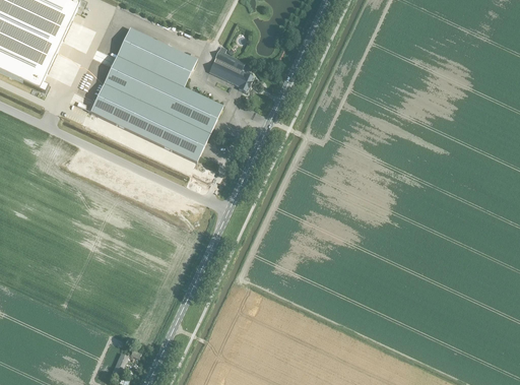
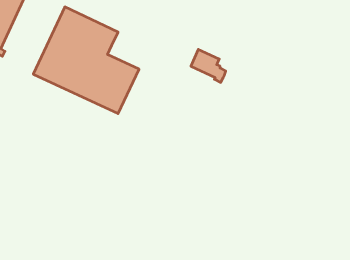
building: [207,50,251,91] -> [191,49,226,82]

